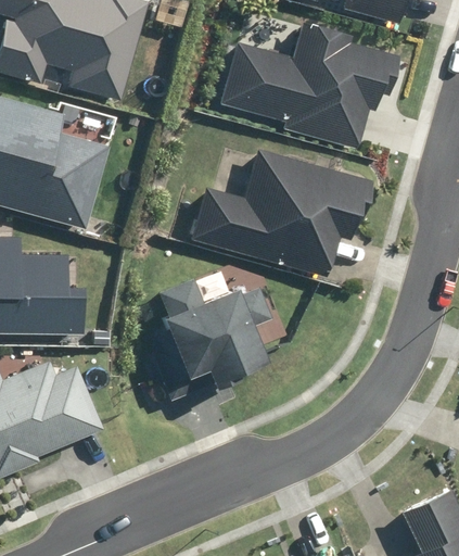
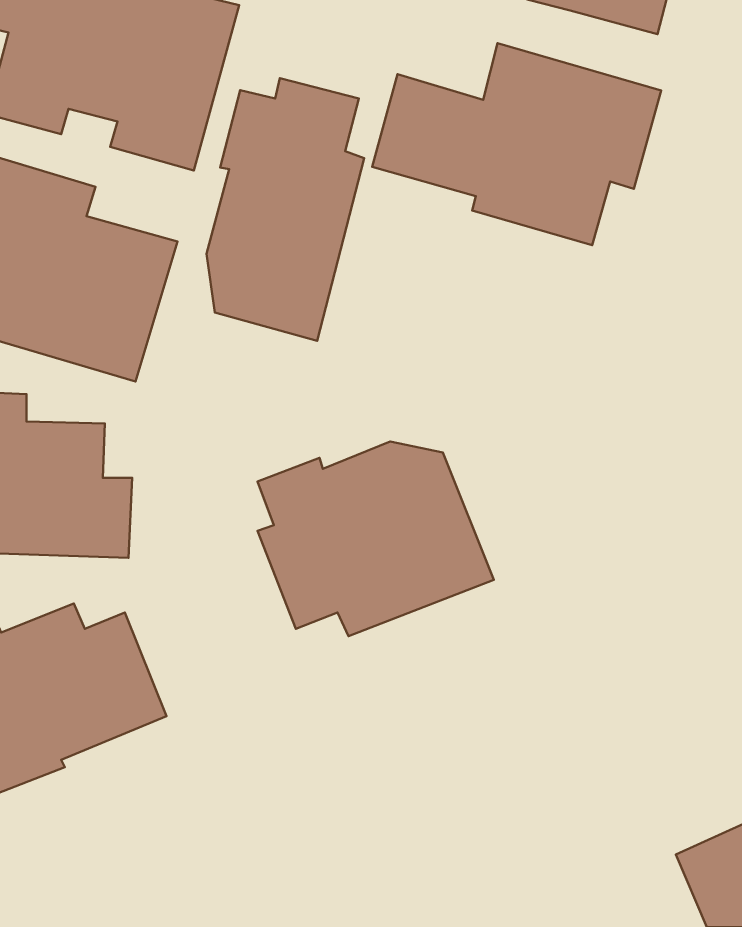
building: none -> [206,78,364,341]
building: [193,150,367,271] -> none

